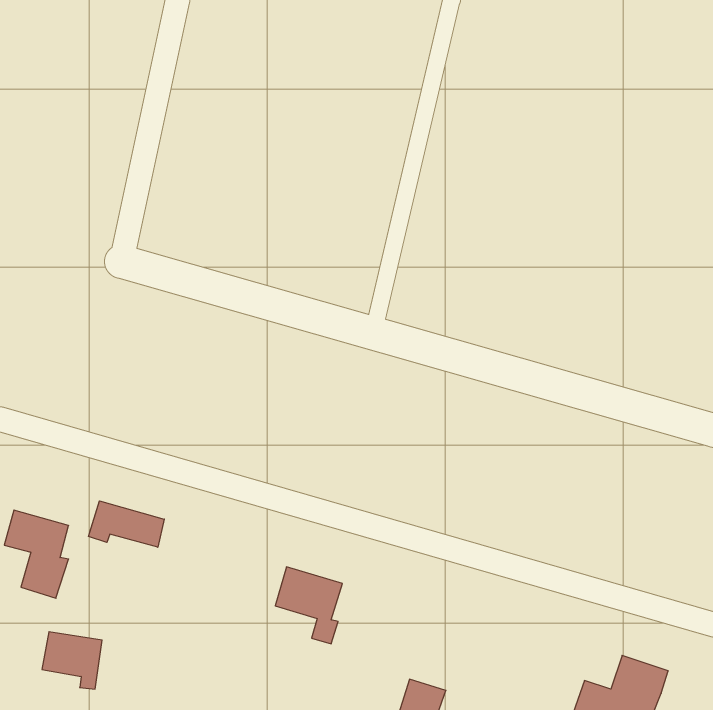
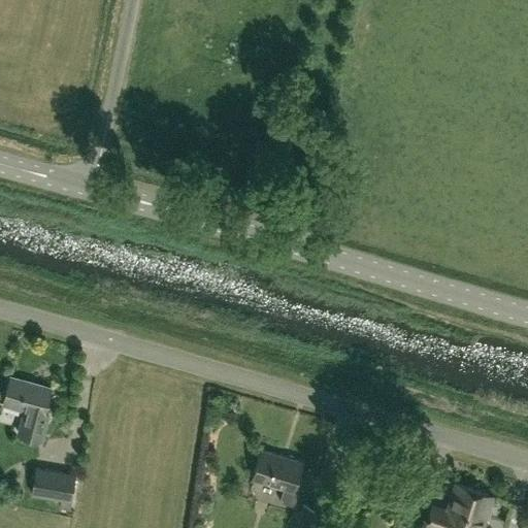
building: [89,501,164,547] -> none
building: [275,567,342,644] -> [253,452,302,508]

